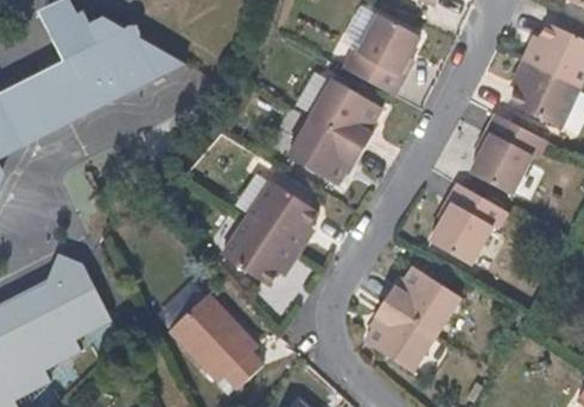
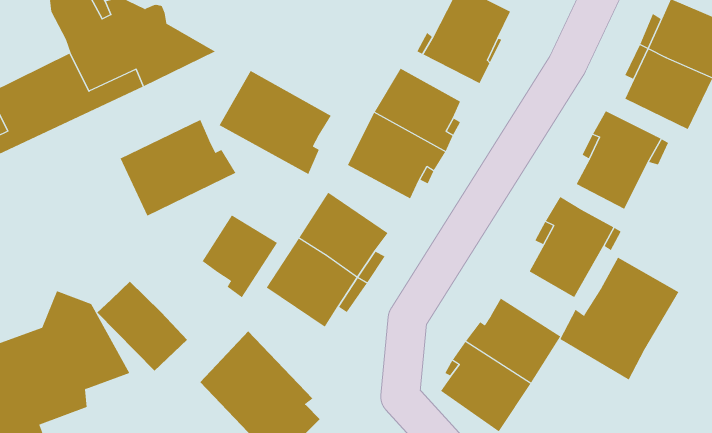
building: none -> [219,70,332,175]
building: none -> [120,119,236,217]
building: none -> [202,214,278,298]
building: none -> [559,257,679,380]
building: none -> [97,281,188,372]

